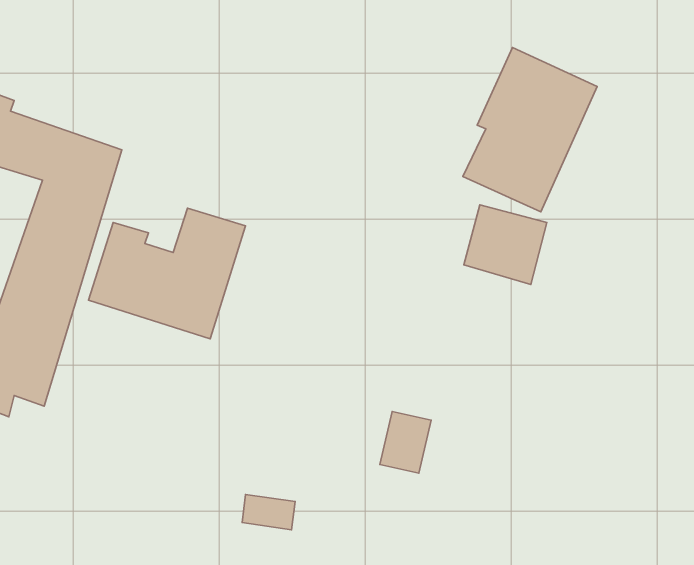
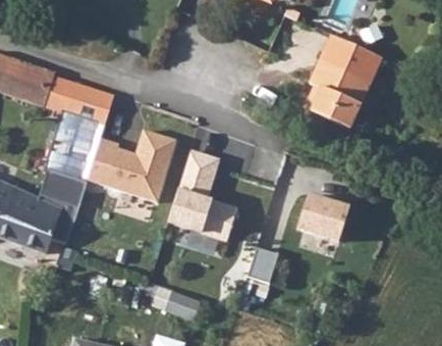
building: [464,205,547,284] -> [296,196,344,242]
building: none -> [167,149,239,244]

